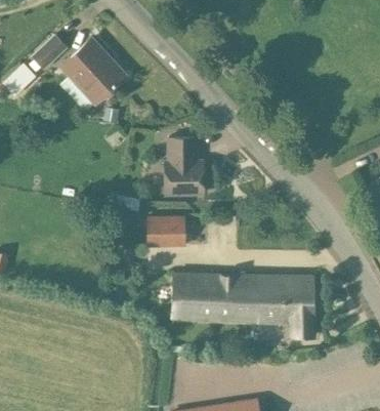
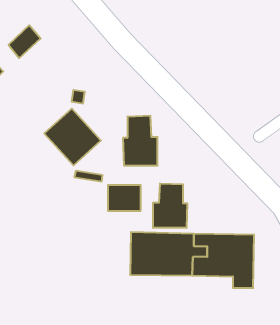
building: [61,38,127,104] -> [44,109,101,165]
building: none -> [153,183,187,228]

